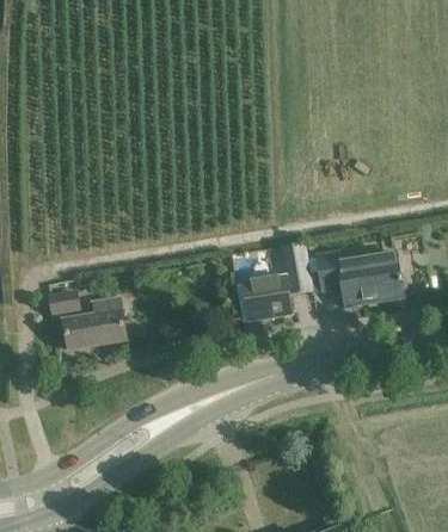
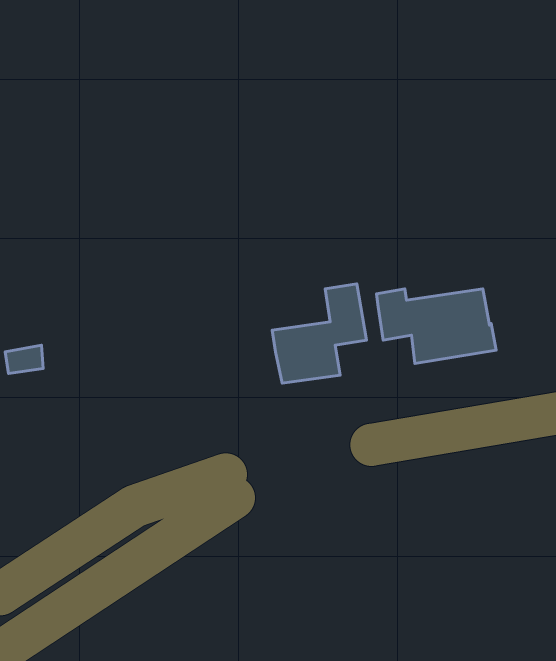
building: [61,298,123,348] -> none

